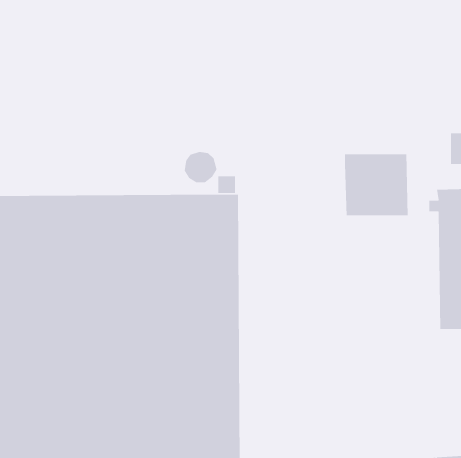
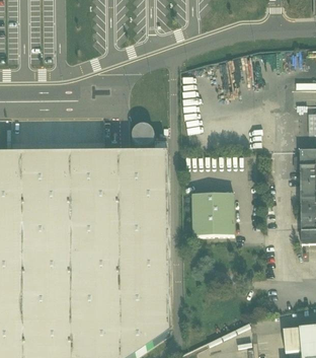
building: [344,153,409,216] -> [191,193,234,234]

